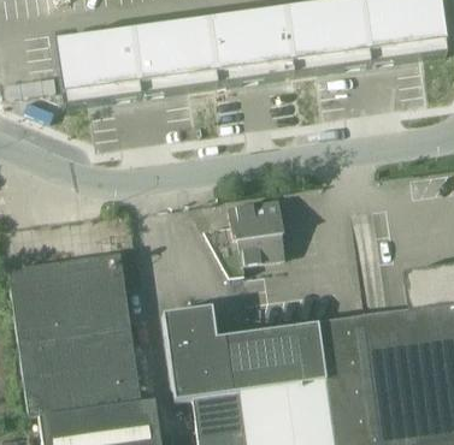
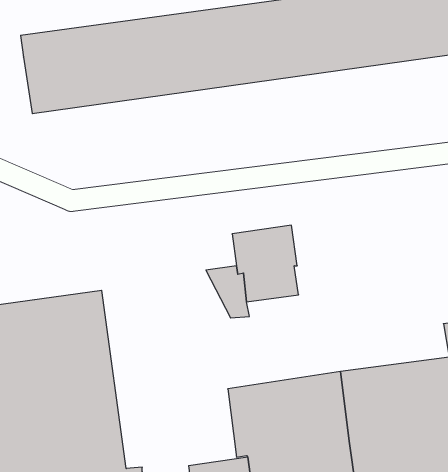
building: [164,303,234,397] -> none

